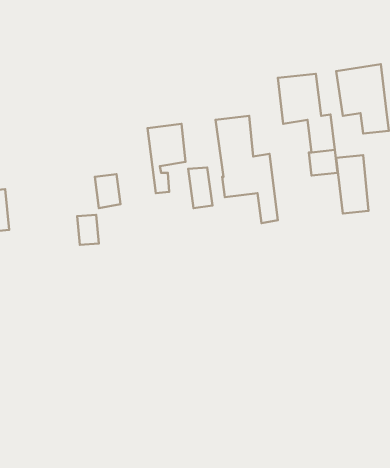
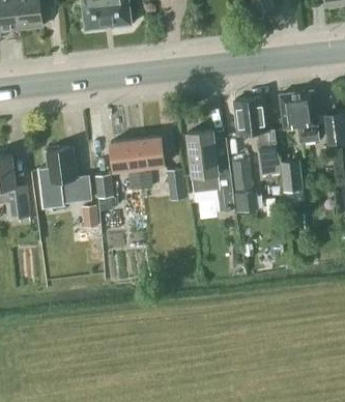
building: none -> [110,138,143,204]
building: none -> [38,146,91,207]
building: none -> [231,159,256,214]

